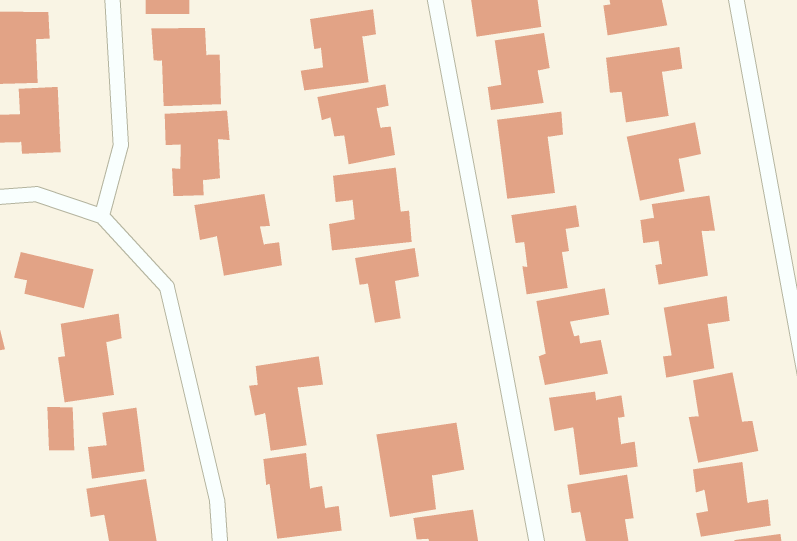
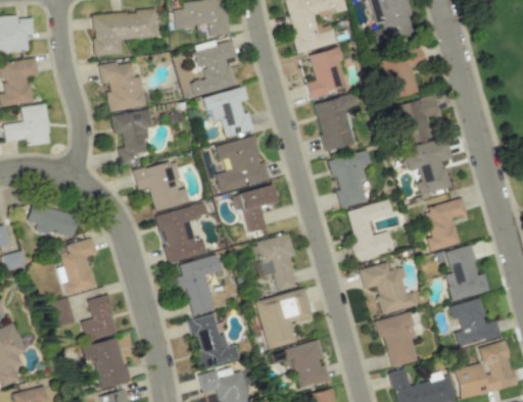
building: none -> [157,203,208,262]
building: none -> [257,234,296,291]

